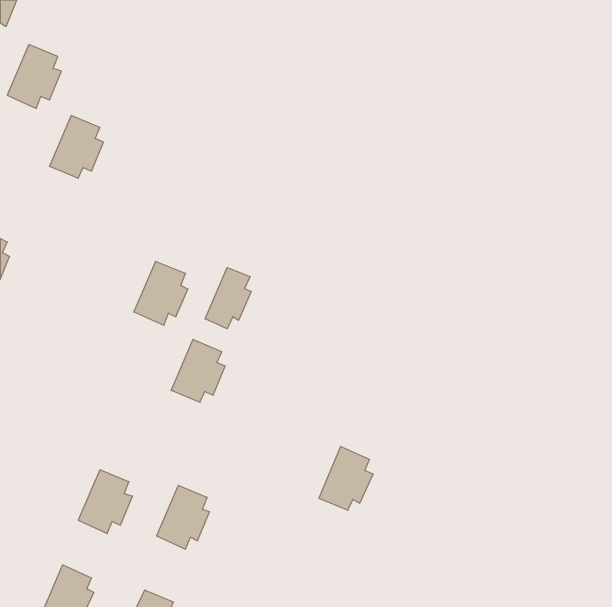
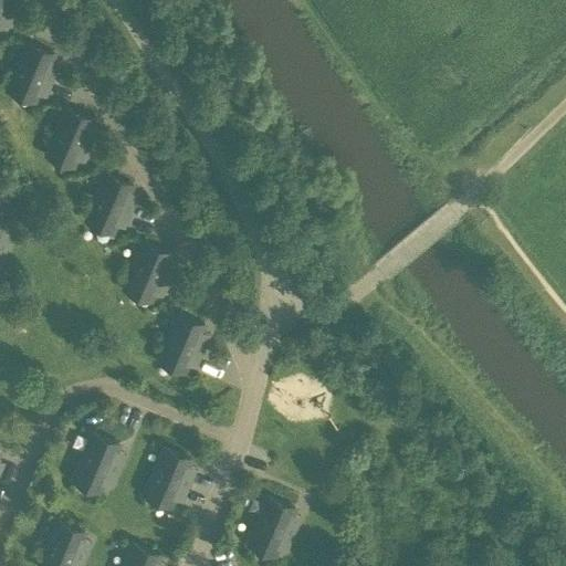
building: none -> [88,179,138,238]
building: [205,268,251,329] -> none
building: [319,446,373,510] -> [251,502,301,560]

